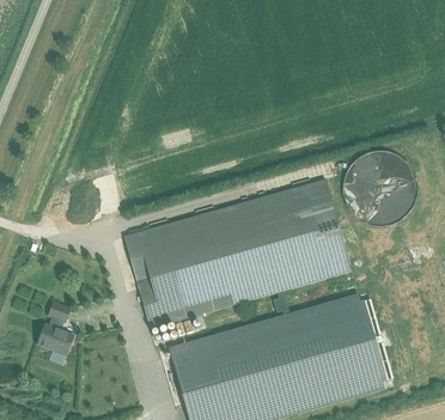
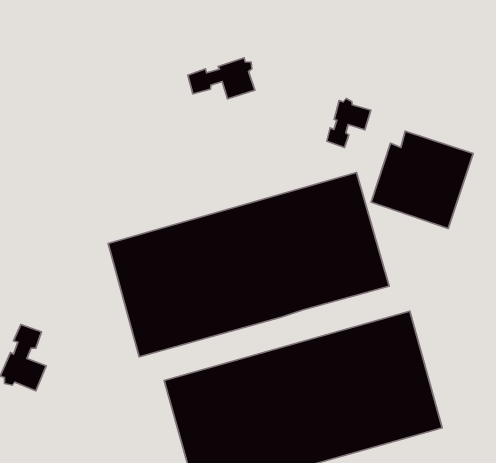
building: none -> [188,58,255,99]
building: none -> [327,99,371,147]

